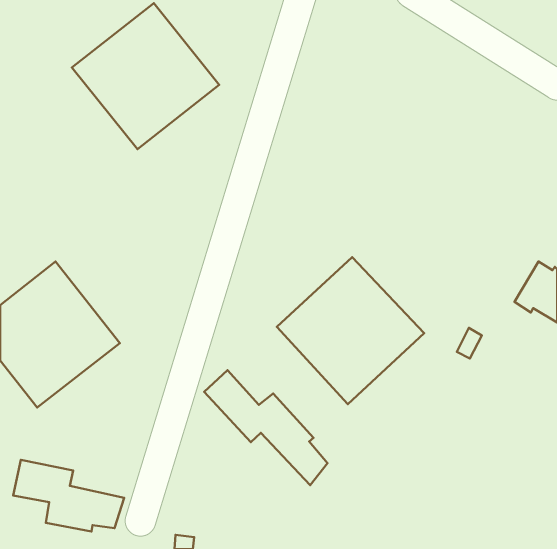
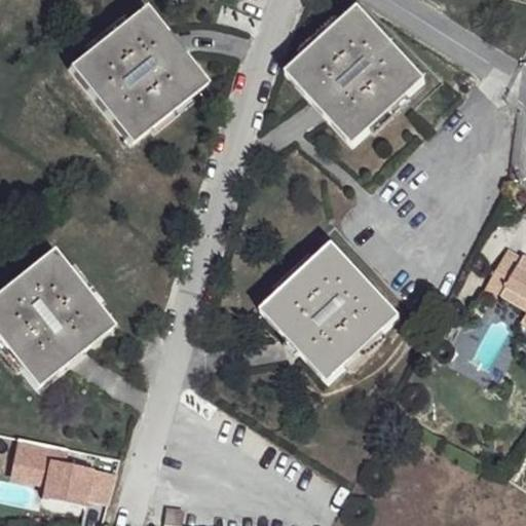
building: none -> [286,4,424,143]
building: [204,370,328,485] -> none

